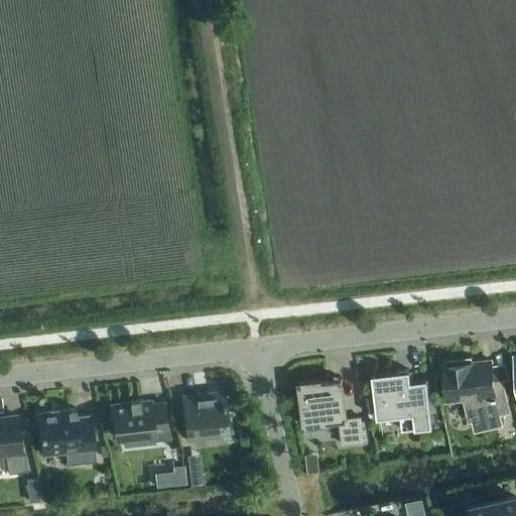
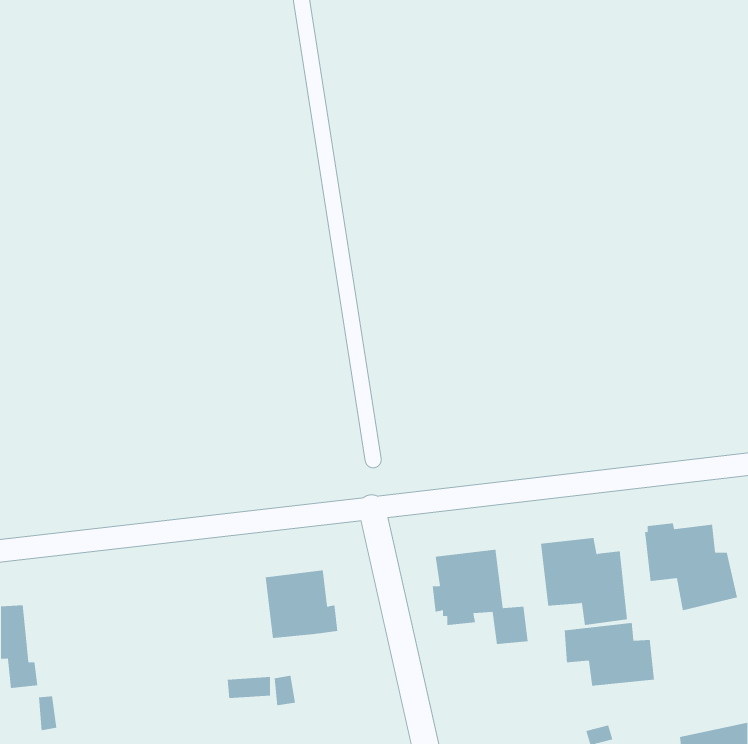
building: [108,402,170,450] -> none
building: [37,412,96,469] -> none
building: none -> [564,622,654,687]

